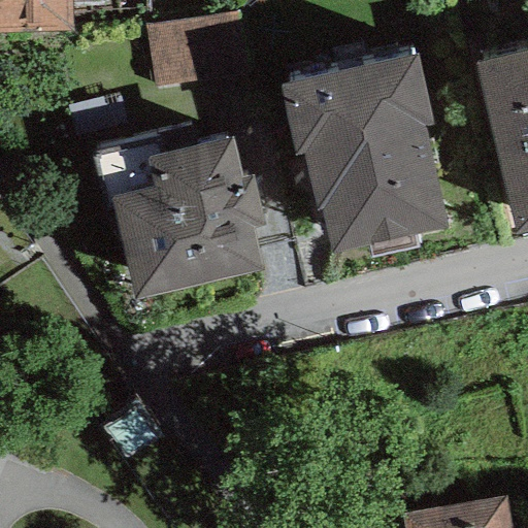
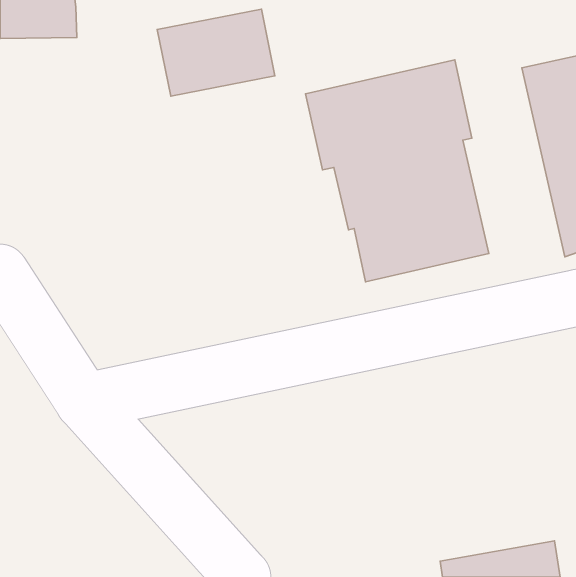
building: [93,135,268,300] -> none

